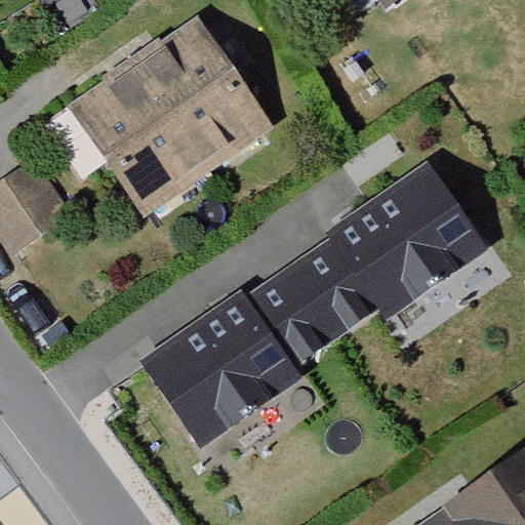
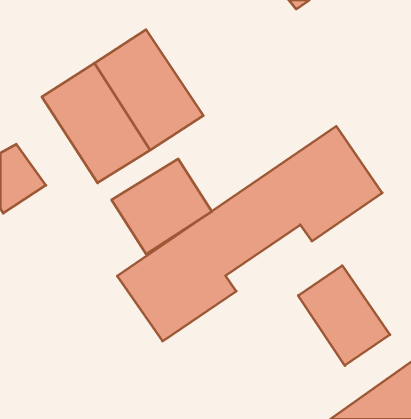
building: none -> [112,159,212,254]
building: none -> [298,266,390,366]

